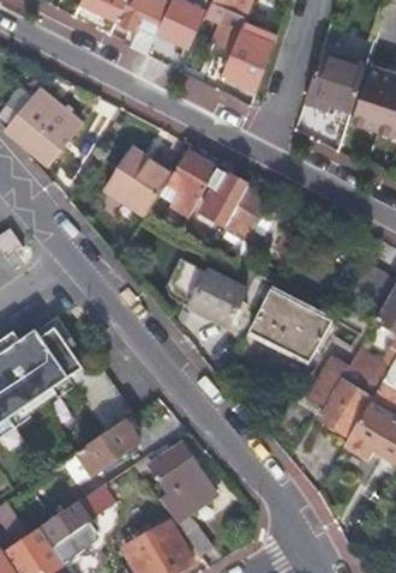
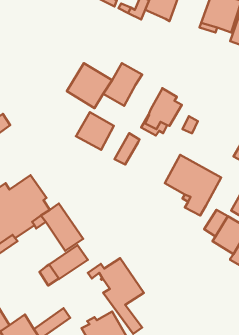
building: [12,95,80,162] -> none
building: [203,169,248,227] -> none
building: [190,270,246,326] -> [76,112,114,150]
building: [42,484,119,548] -> none

